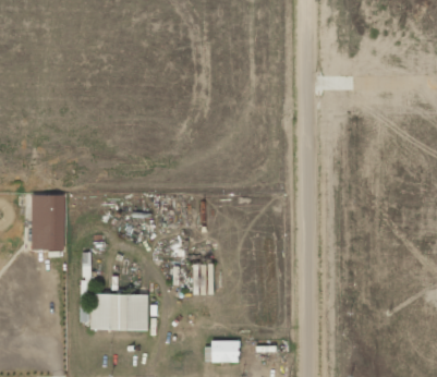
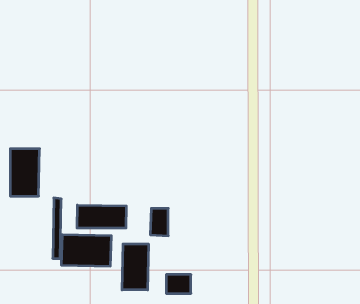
building: none -> [77,205,126,228]
building: none -> [122,244,148,290]

